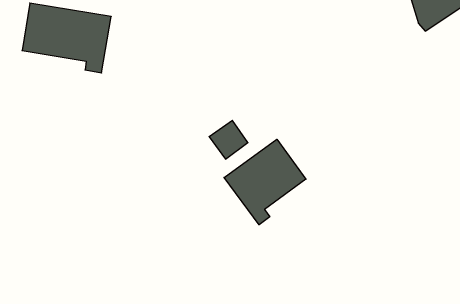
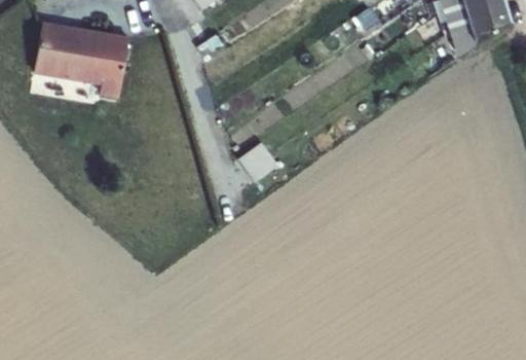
building: [224,139,306,225] -> none

